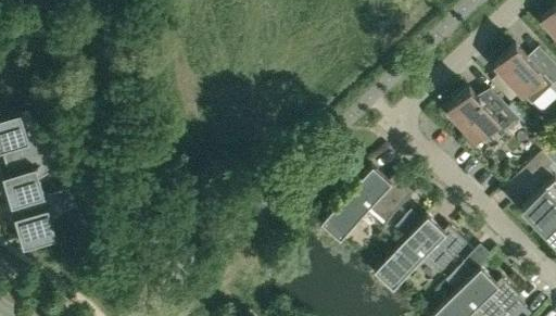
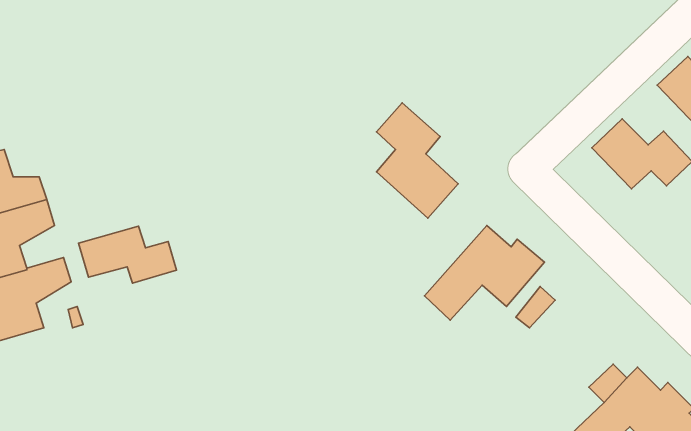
building: none -> [376,103,458,218]
building: none -> [79,226,177,283]
building: [380,217,467,283] -> none

